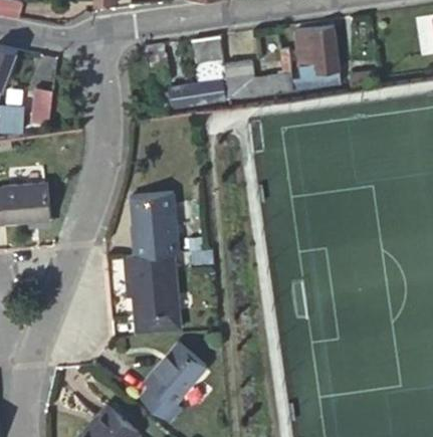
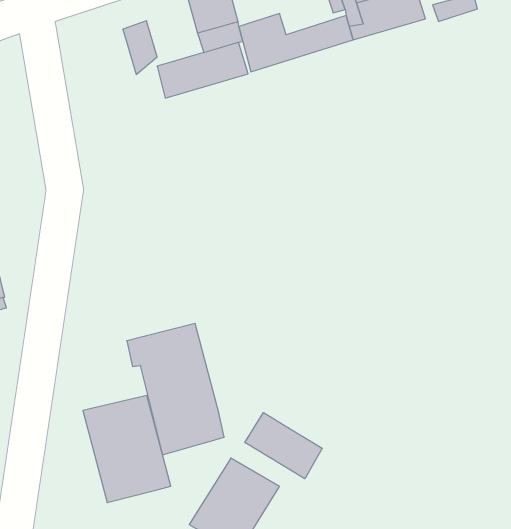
building: [129,191,177,255] -> [83,395,171,503]
building: none -> [245,413,322,479]

